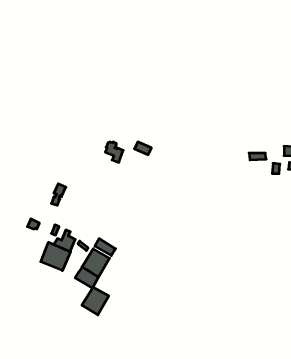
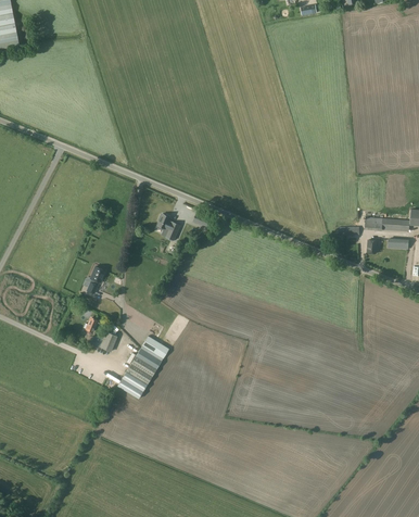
building: [41,242,71,271] -> none
building: [82,287,109,315] -> none

